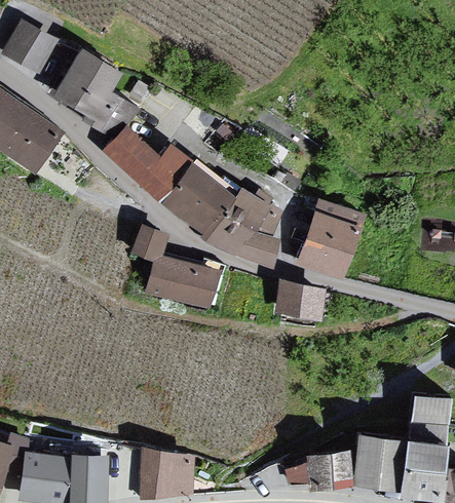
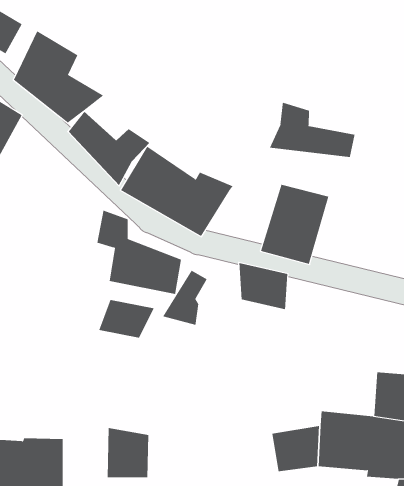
building: none -> [269,102,355,158]
building: [239,206,285,262] -> [162,270,208,326]
building: none -> [98,299,154,338]

